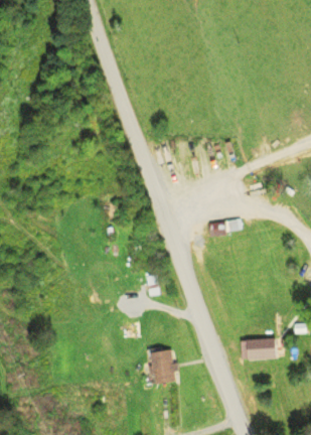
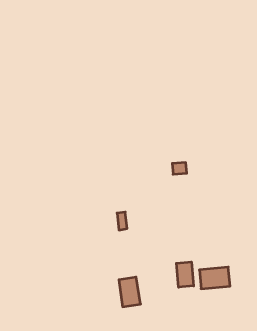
building: none -> [176,262,194,287]

